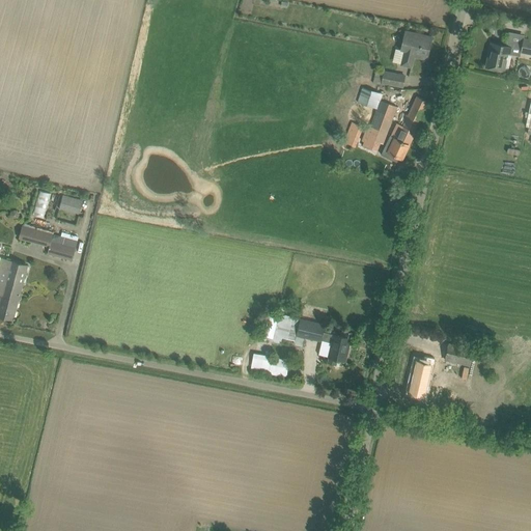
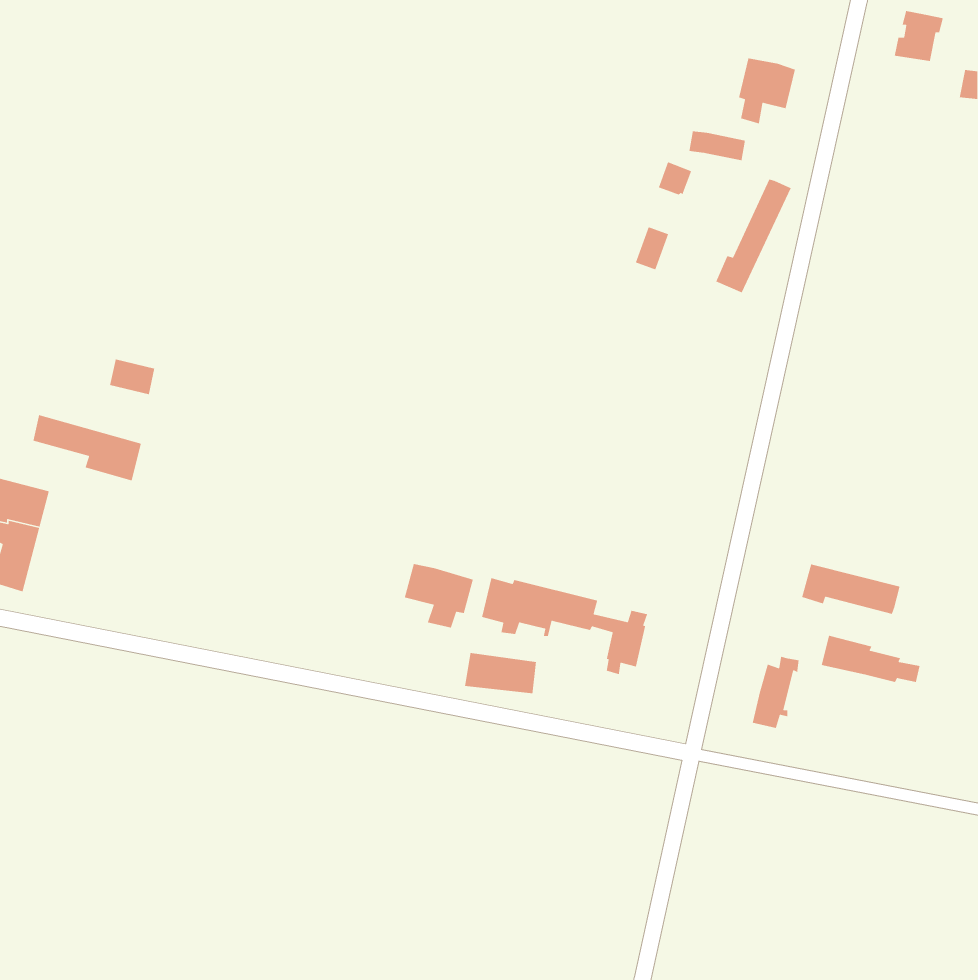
building: [484,43,511,71] -> [894,10,944,62]
building: [365,101,395,144] -> none
building: none -> [404,563,474,629]
building: none -> [801,564,901,615]

